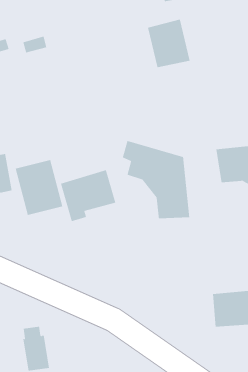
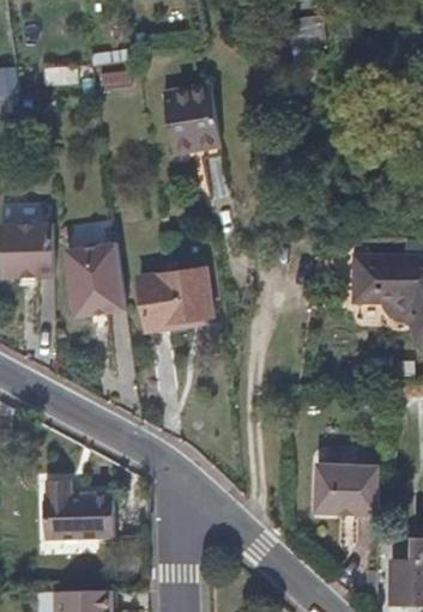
building: [147,19,190,68] -> [168,91,222,154]
building: [122,140,190,219] -> none
building: none -> [75,483,113,531]

